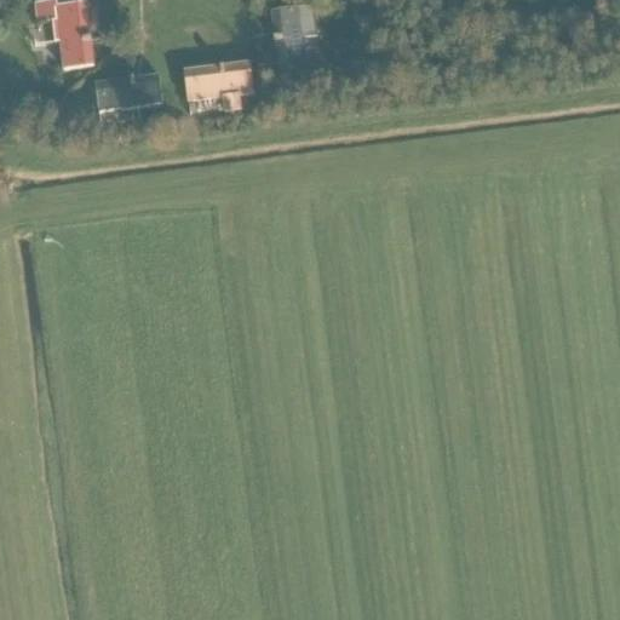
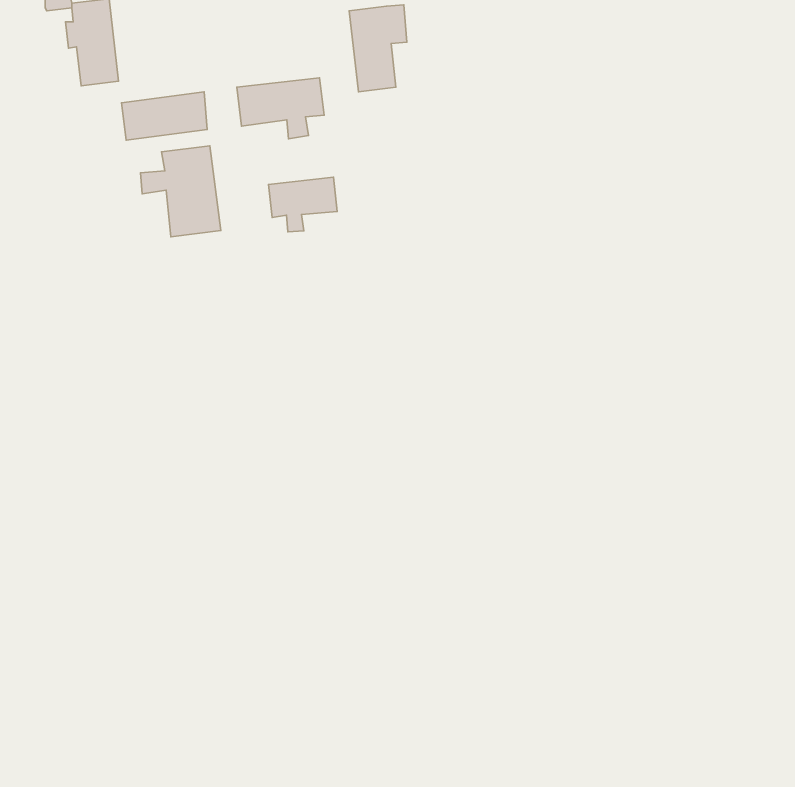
building: none -> [141,146,221,237]
building: none -> [269,177,337,232]

